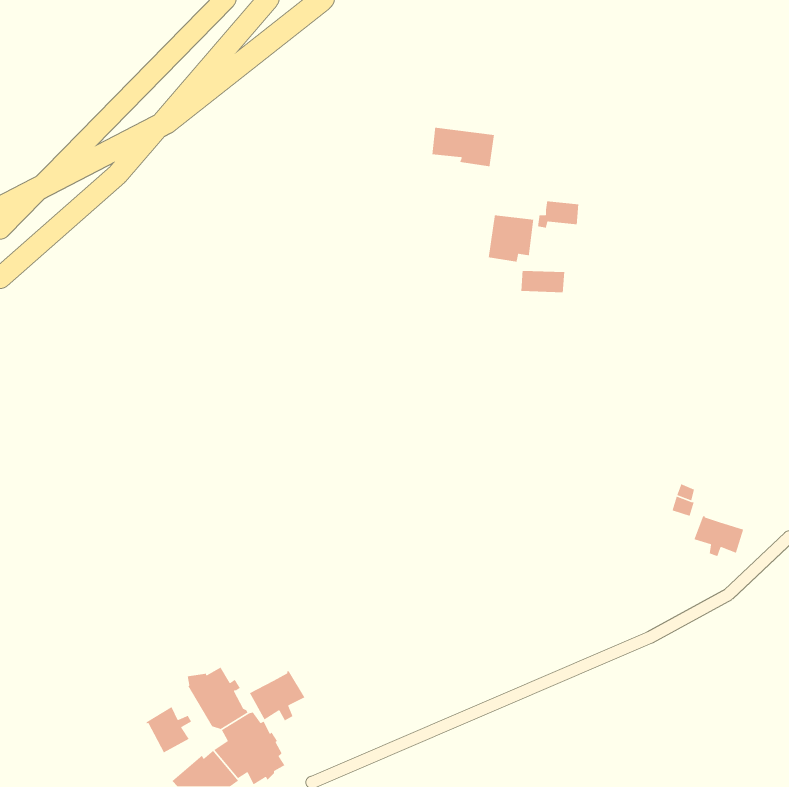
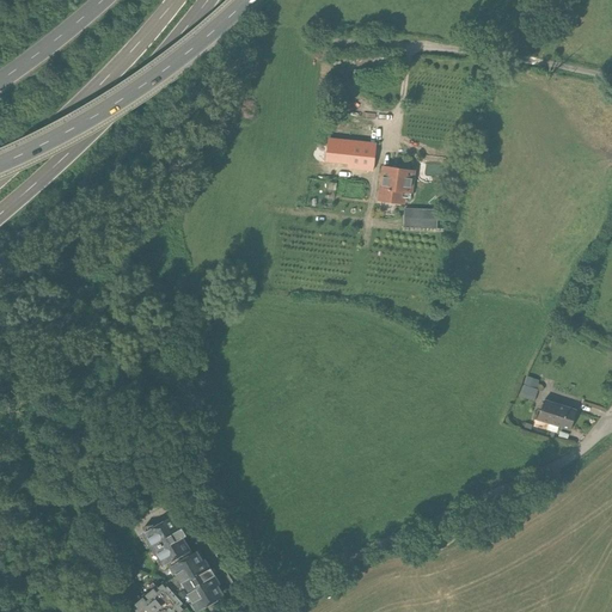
building: [431,127,495,167] -> [326,139,375,170]
building: [249,671,306,721] -> none
building: [146,706,192,754] -> none

